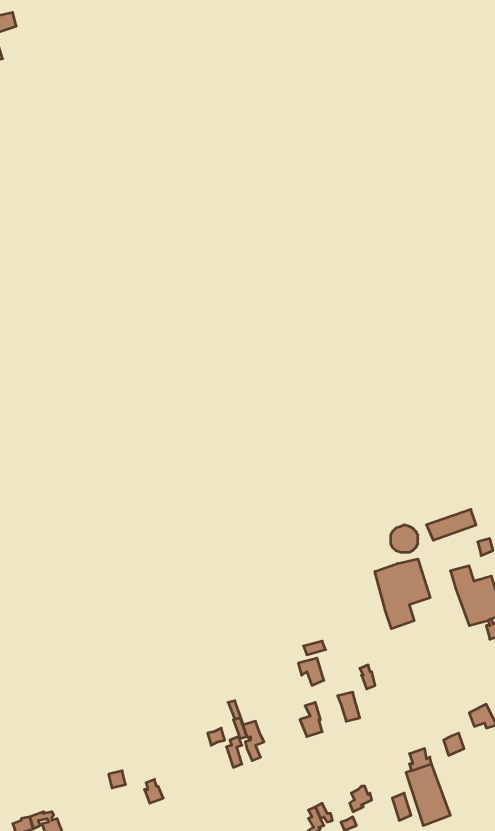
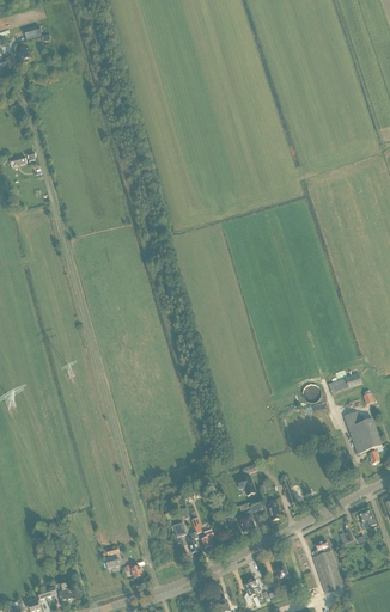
building: [375,559,430,629] -> none

